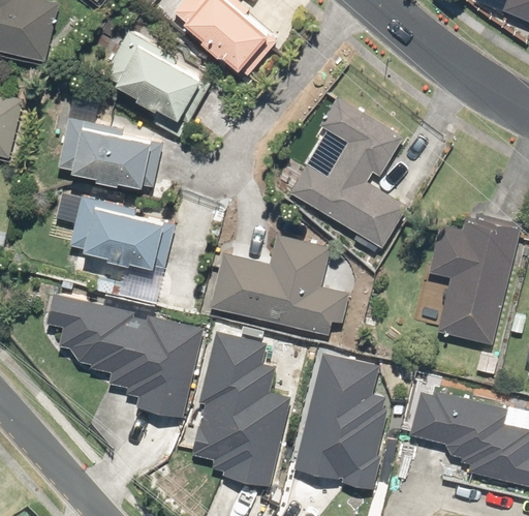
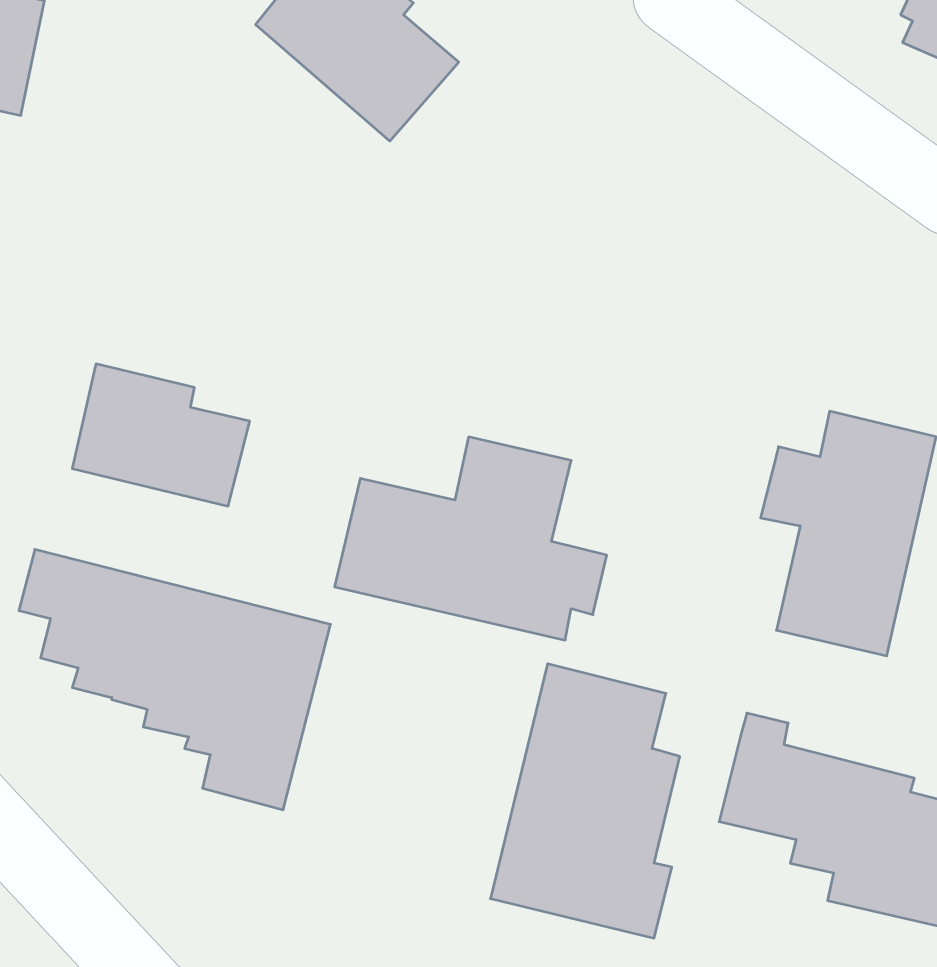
building: [99,31,204,124] -> none
building: [294,96,408,249] -> none
building: [58,110,146,187] -> none
building: [184,331,291,485] -> none

